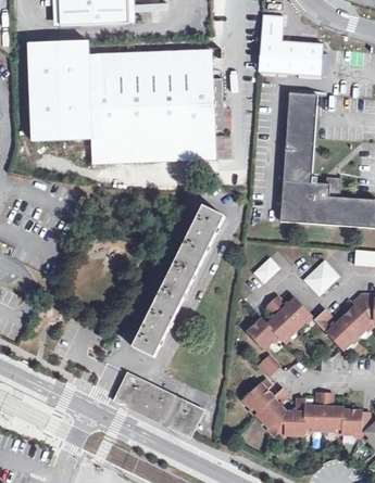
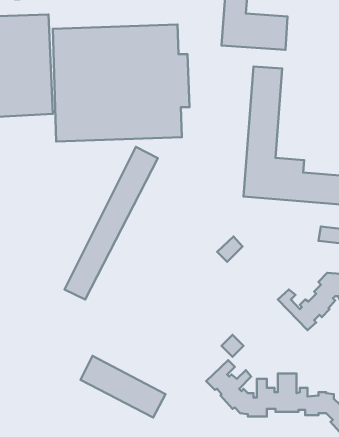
building: [132,206,224,356] -> [64,147,158,299]
building: [302,260,338,296] -> none
building: [249,296,308,348] -> none

